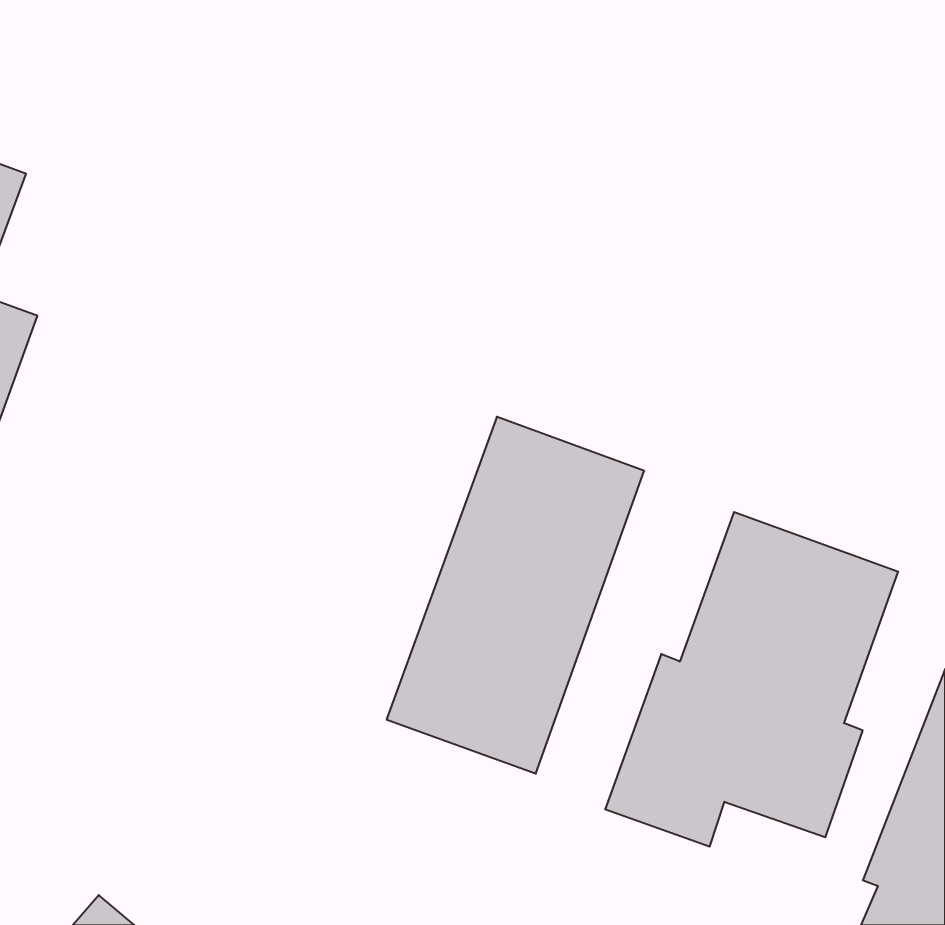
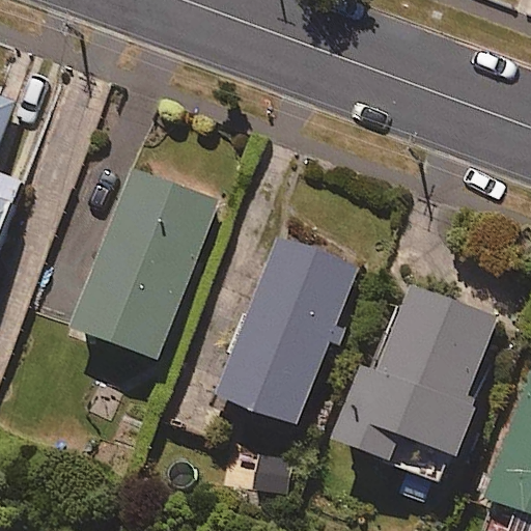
building: none -> [72,165,218,361]

